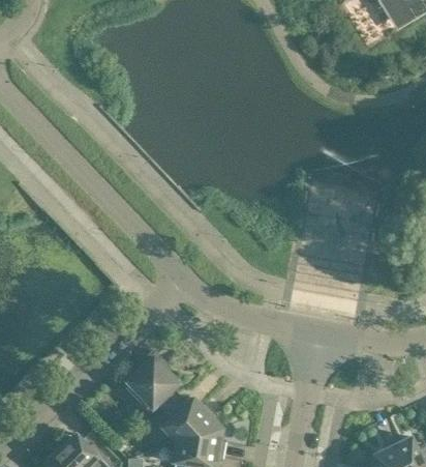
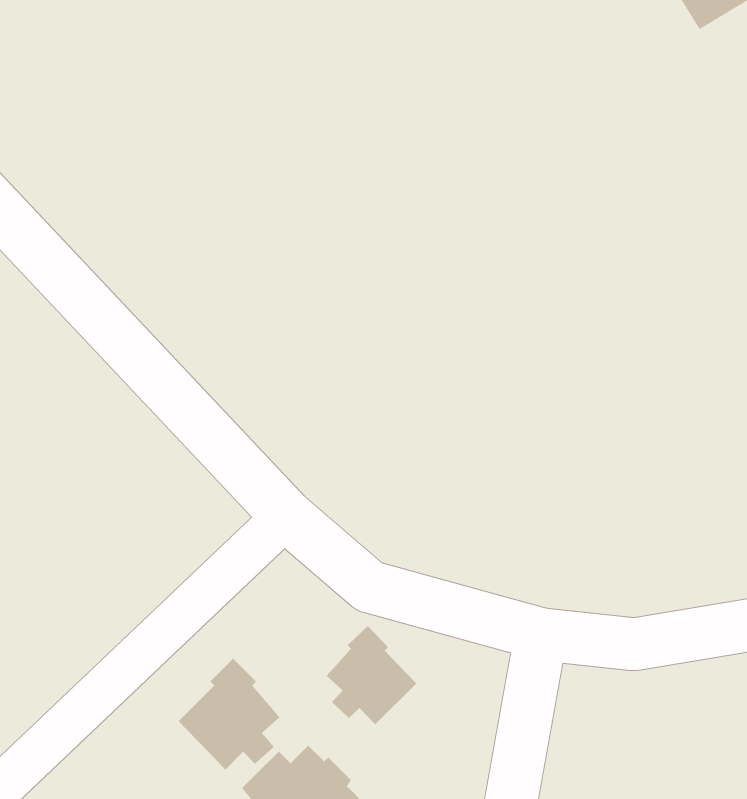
building: none -> [326,625,417,725]

